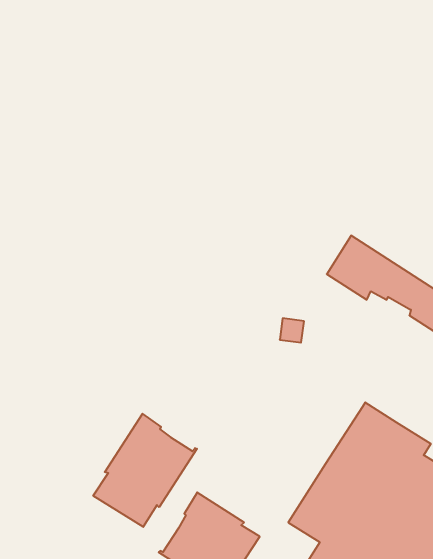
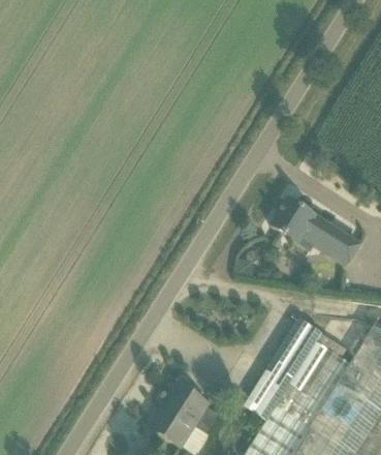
building: [93,414,197,527] -> none

